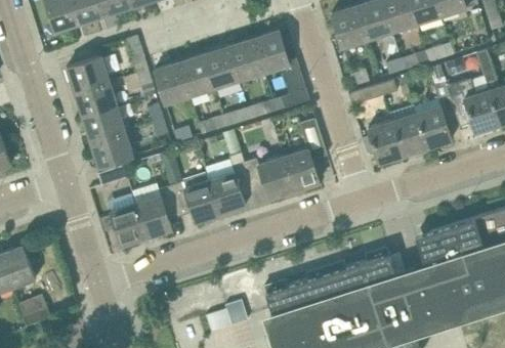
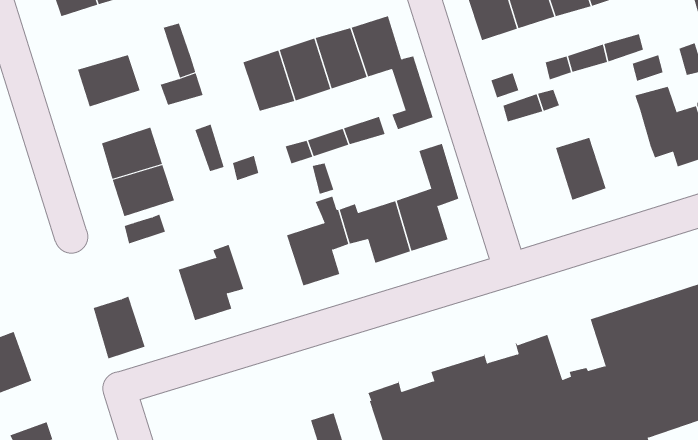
building: [154,62,191,104] -> none
building: [75,82,117,118] -> none
building: [416,86,457,148] -> none
building: [368,121,404,164] -> none
building: [170,180,220,223] -> none
building: [111,204,146,247] -> [93,296,145,359]

